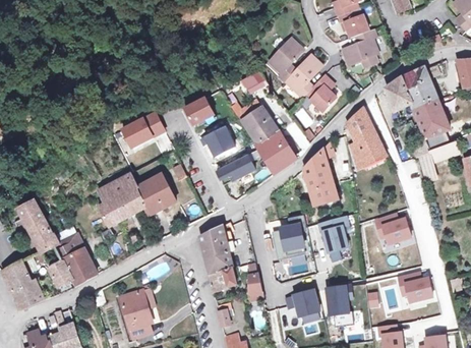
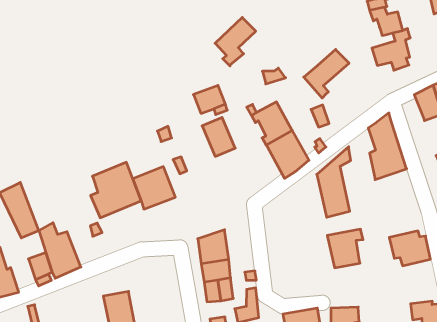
building: [268,38,303,82] -> [215,17,256,66]
building: [304,76,335,112] -> none
building: [122,111,164,144] -> none
building: [214,151,256,184] -> none
building: [272,219,305,256] -> none

